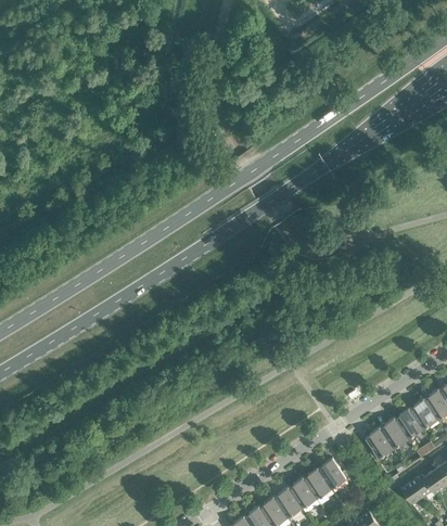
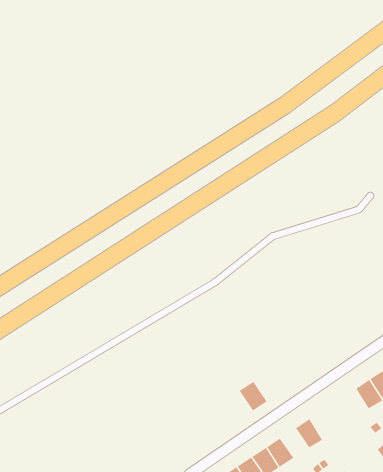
building: [365,428,393,459] -> none
building: [303,469,332,499] -> [239,381,267,411]

